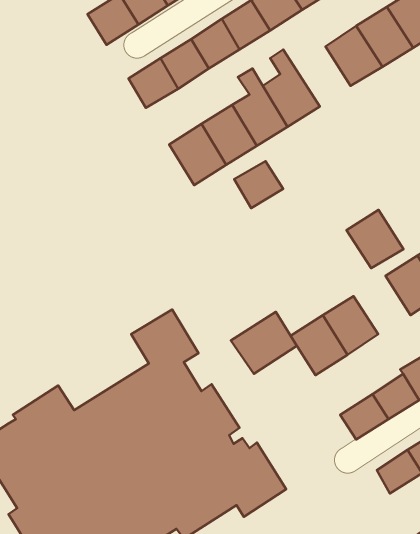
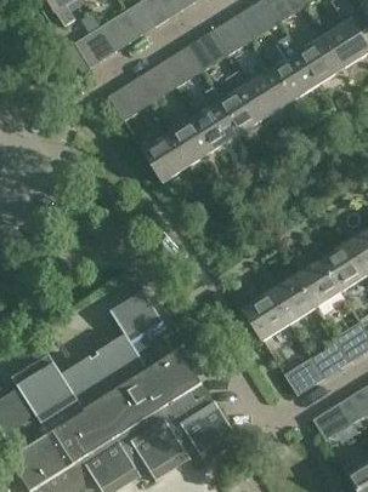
building: none -> [245,69,293,119]
building: [234,161,283,208] -> none
building: [346,210,403,268] -> [295,259,342,308]
building: [231,312,297,374] -> none

